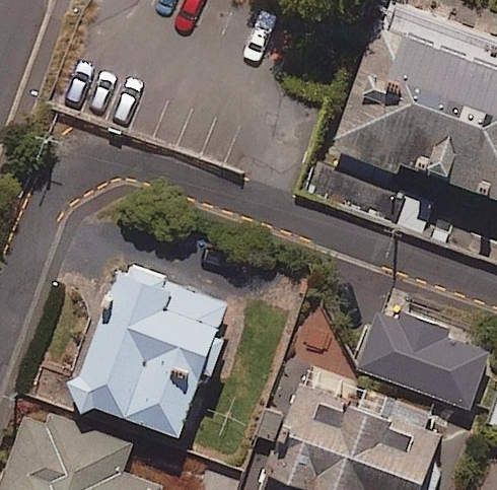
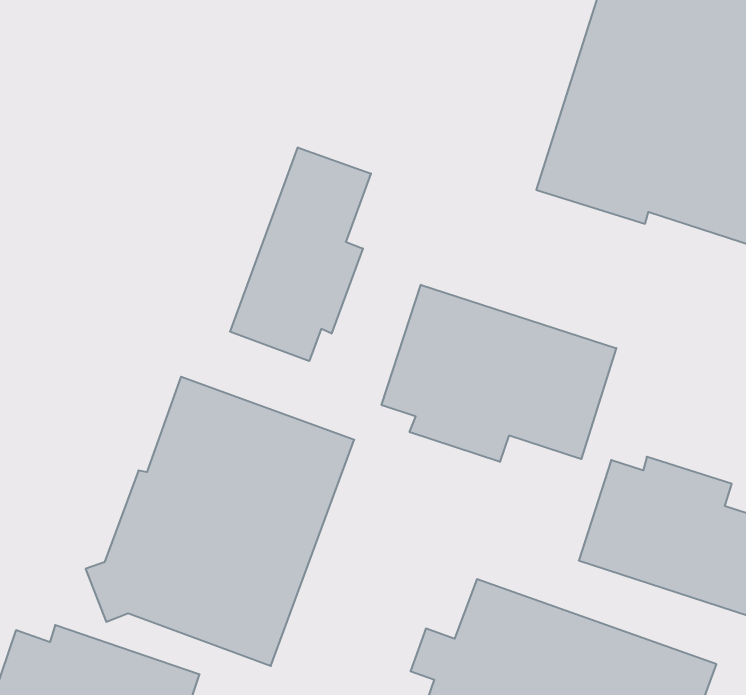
building: none -> [230,147,371,361]
building: none -> [382,285,616,462]

